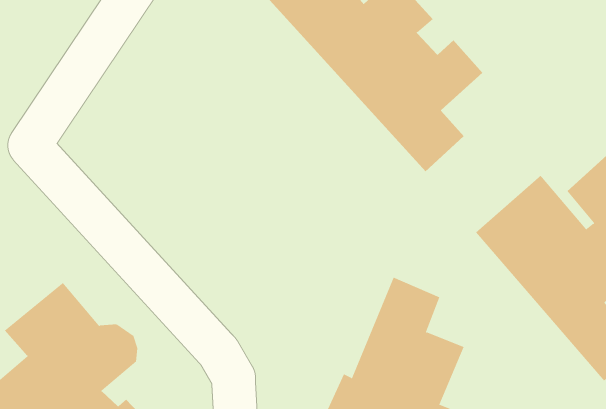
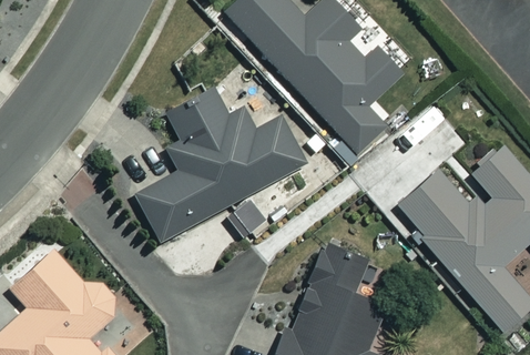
building: none -> [136,89,306,242]

